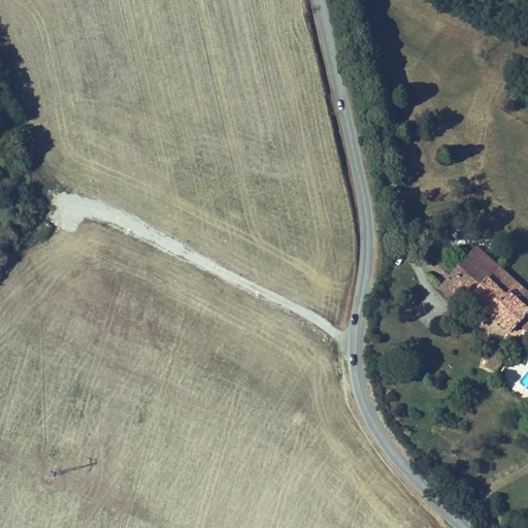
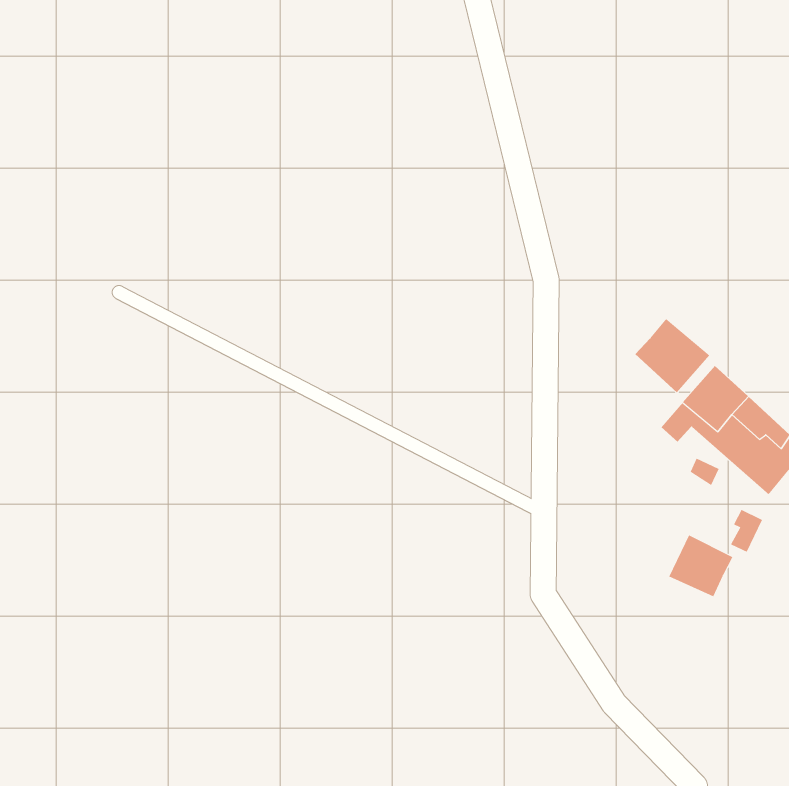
building: none -> [634,318,710,393]
building: none -> [669,534,733,597]

